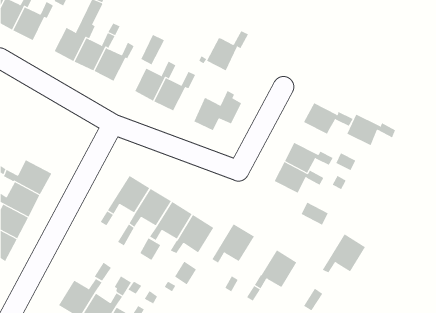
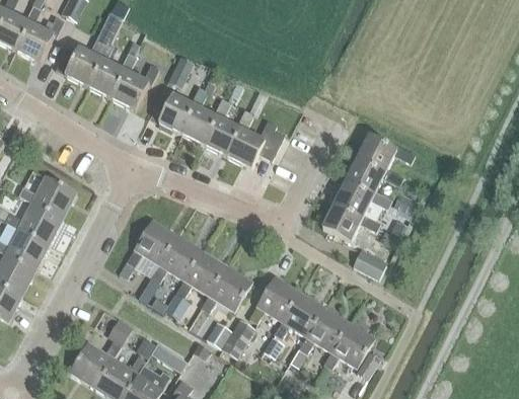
building: [206,31,249,71] -> [204,109,253,157]
building: [346,114,396,146] -> [345,158,402,195]
building: none -> [17,175,75,218]
building: [322,233,366,273] -> [322,322,374,369]
building: none -> [273,292,324,338]
building: none -> [220,318,254,358]

